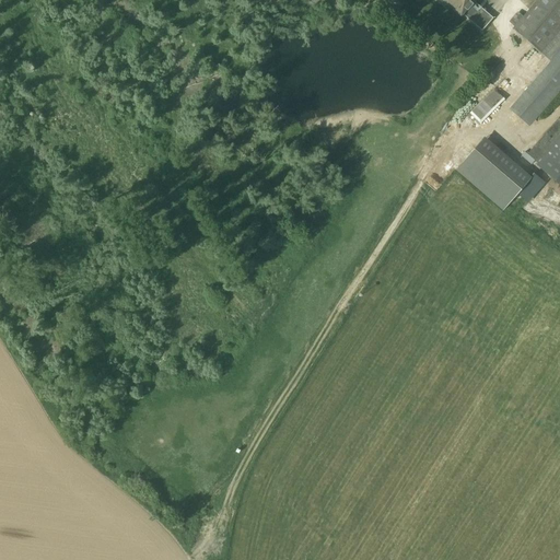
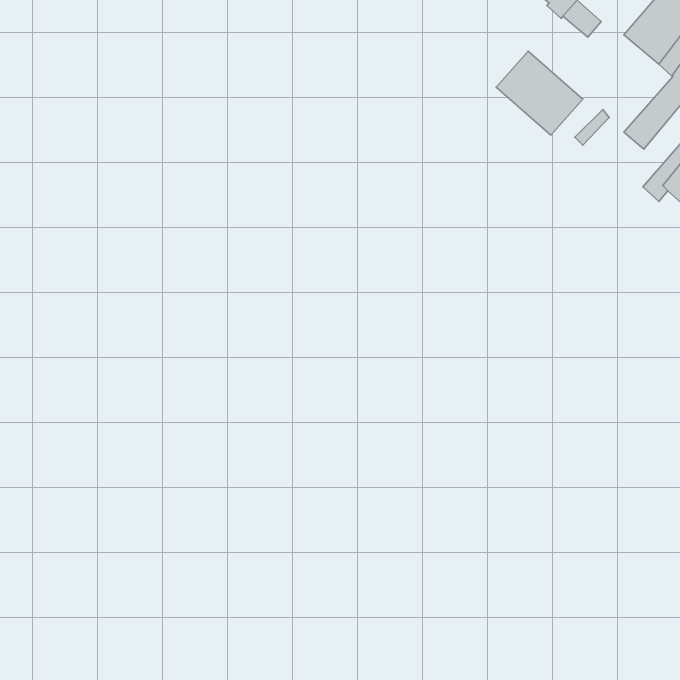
building: [459,139,530,208] -> [496,51,583,135]

